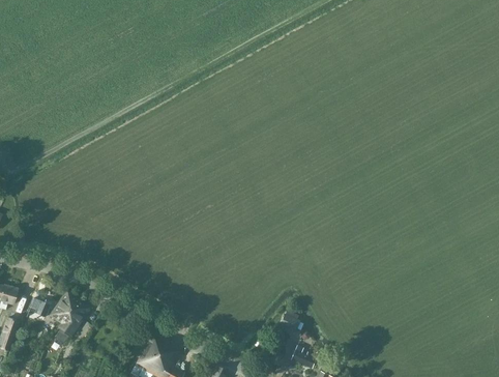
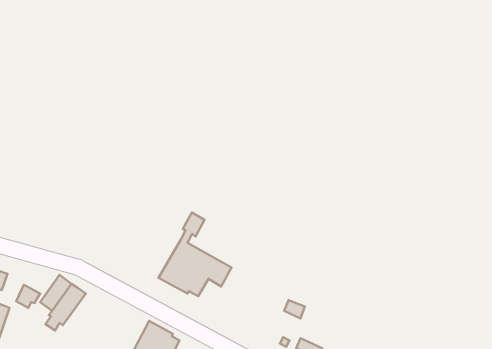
building: none -> [159,212,232,296]

